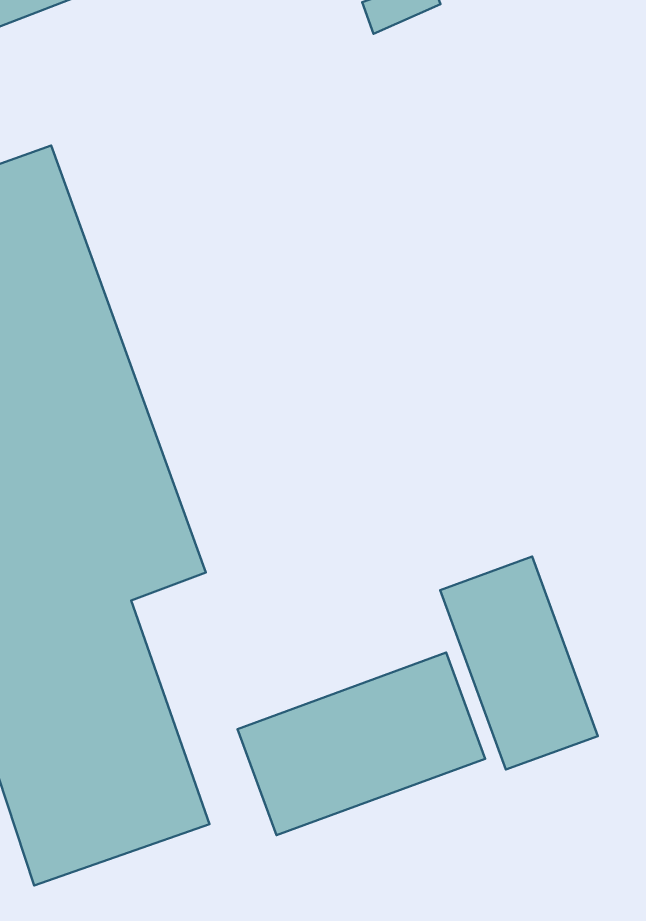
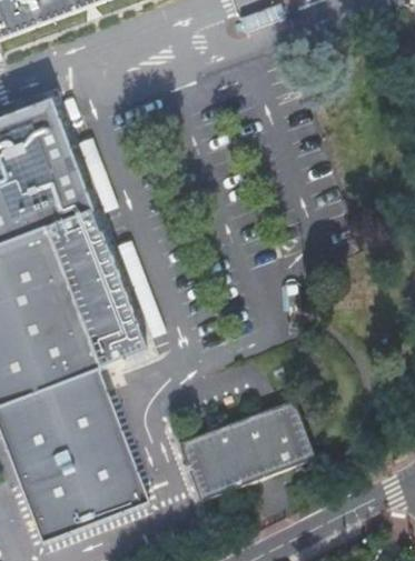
building: [440,557,598,769] -> none

